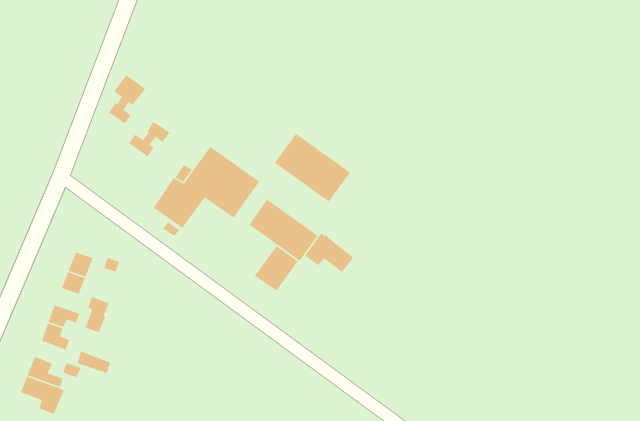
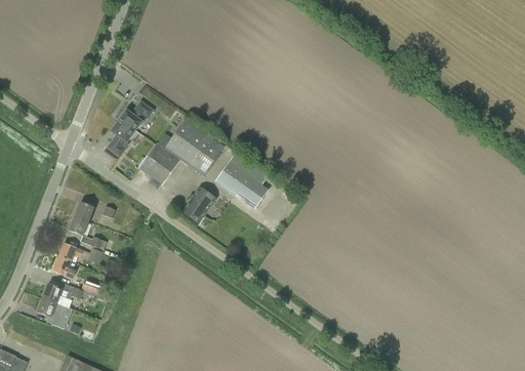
building: [108,74,146,124] -> [107,117,136,156]
building: [274,133,351,202] -> none
building: [304,232,354,273] -> none
building: [254,245,299,292] -> [181,187,216,222]

